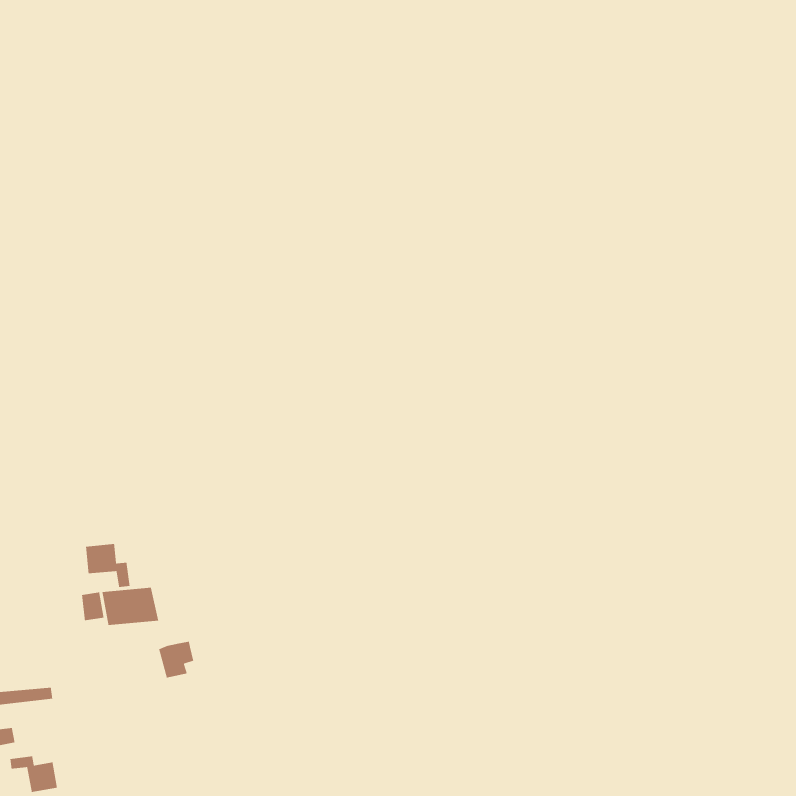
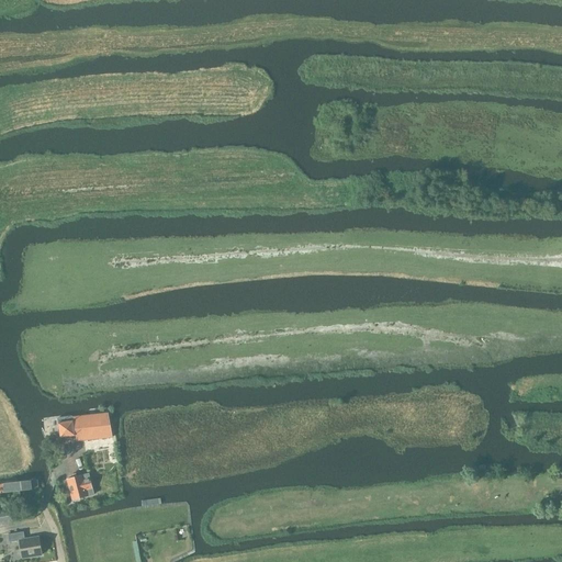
building: [85,543,131,588] -> none
building: [158,641,194,678] -> [66,473,91,499]

